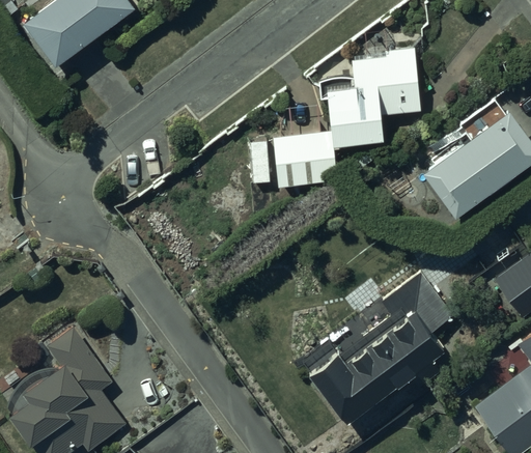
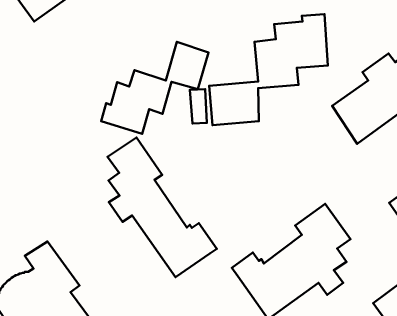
building: none -> [101,42,208,134]
building: none -> [108,138,217,277]

